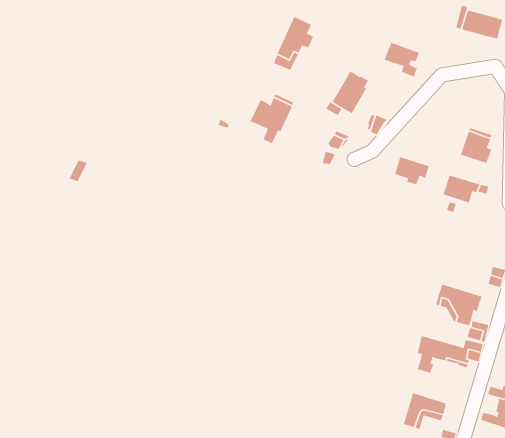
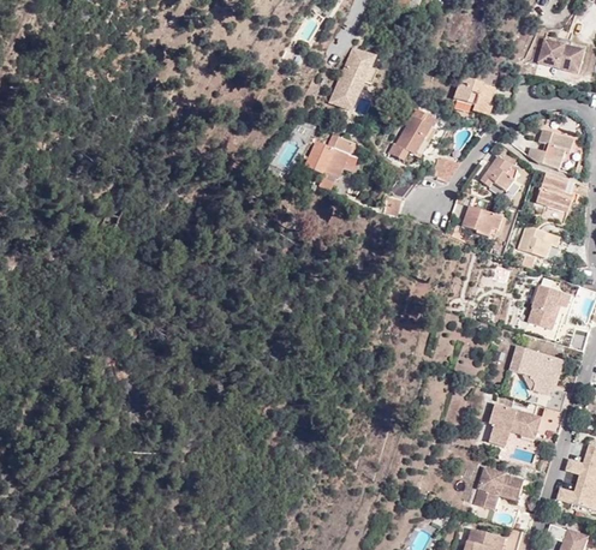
building: none -> [526,130,573,168]
building: none -> [479,154,515,191]
building: none -> [526,285,568,329]

